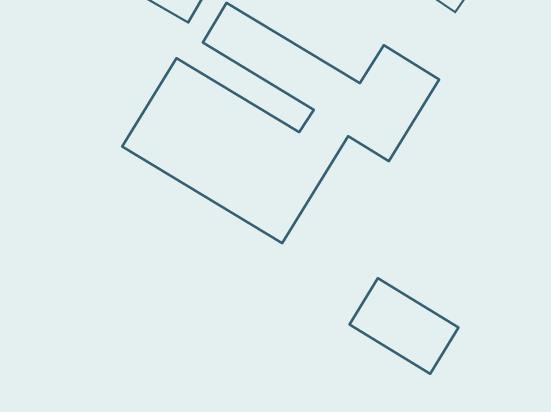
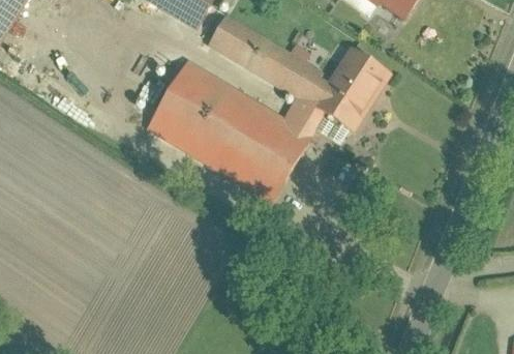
building: [349,278,459,374] -> none

